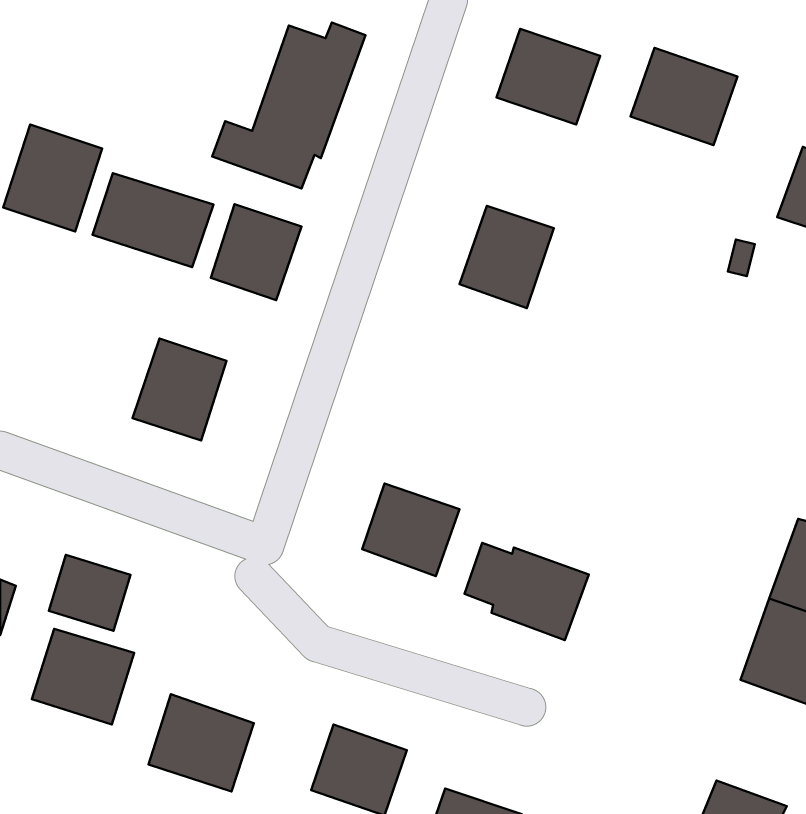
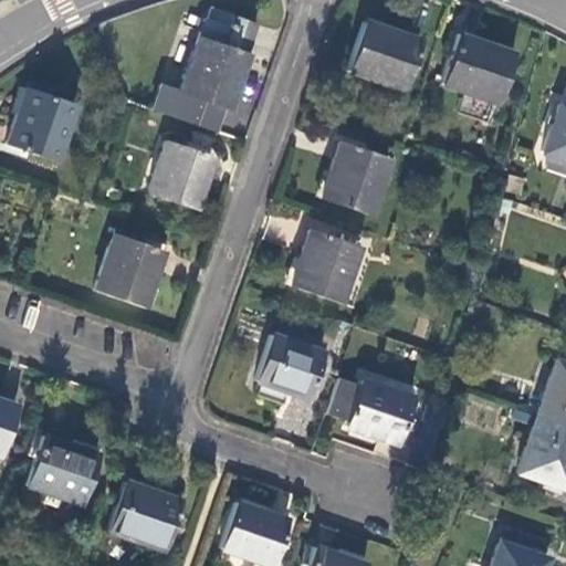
building: [93,173,213,267] -> none
building: none -> [294,231,359,302]
building: [49,555,130,631] -> none

